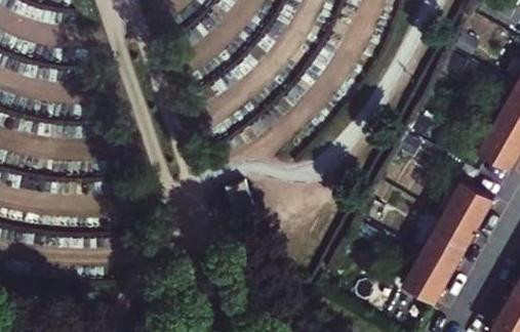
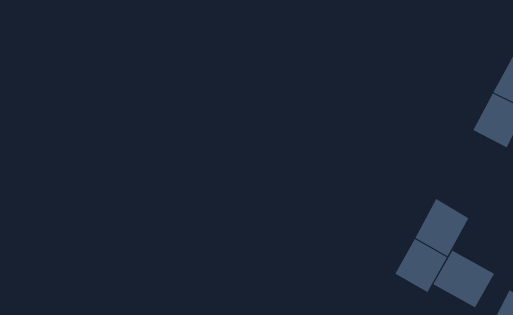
building: [445,179,495,232] -> none
building: none -> [433,250,495,308]

